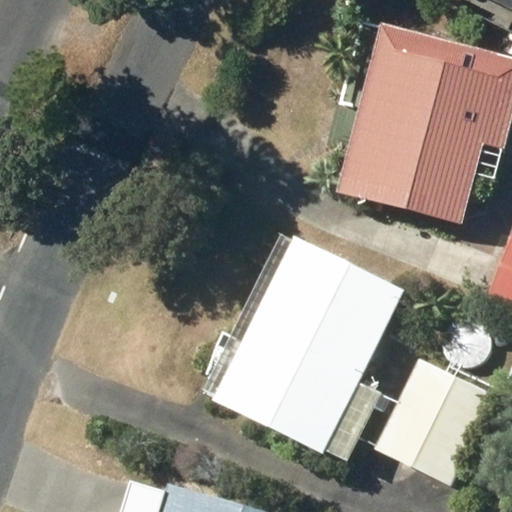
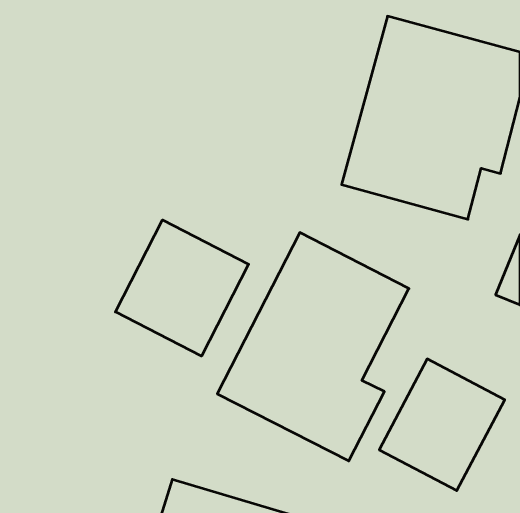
building: none -> [115,220,249,356]

